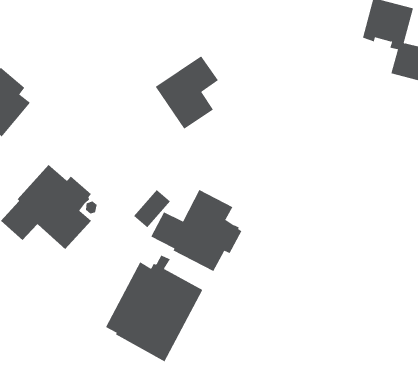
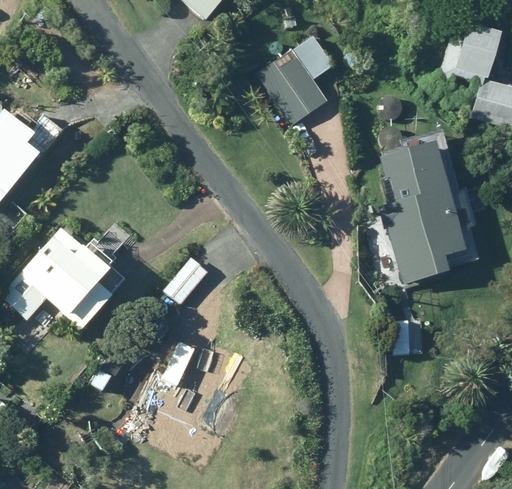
building: [155,55,219,129] -> [257,35,334,124]
building: none -> [373,140,475,281]
building: [150,189,242,272] -> none

